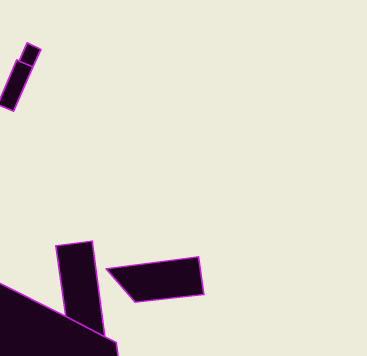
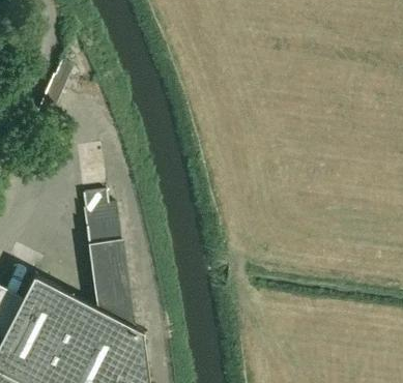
building: none -> [84,196,122,247]
building: [106,257,204,302] -> none

